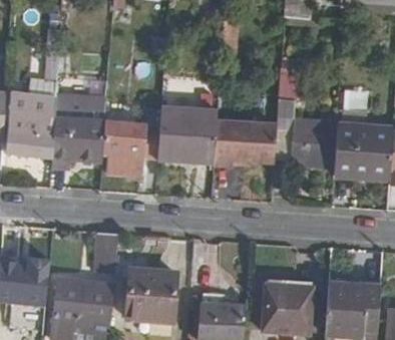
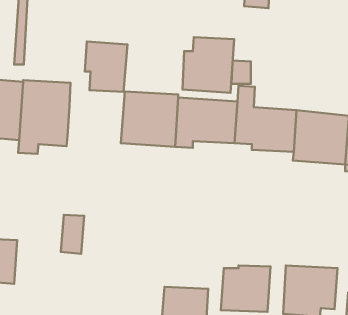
building: none -> [182,37,234,93]
building: [101,119,145,172] -> [85,42,127,92]
building: [125,269,177,321] -> none
building: [56,280,114,331] -> none

